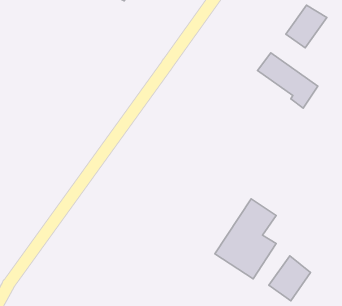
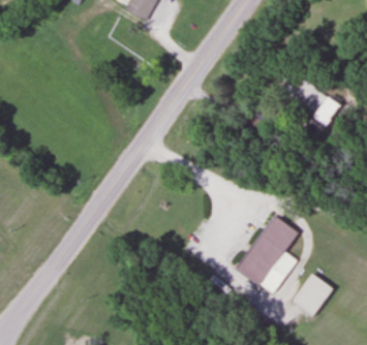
building: [286,5,327,48] -> none

